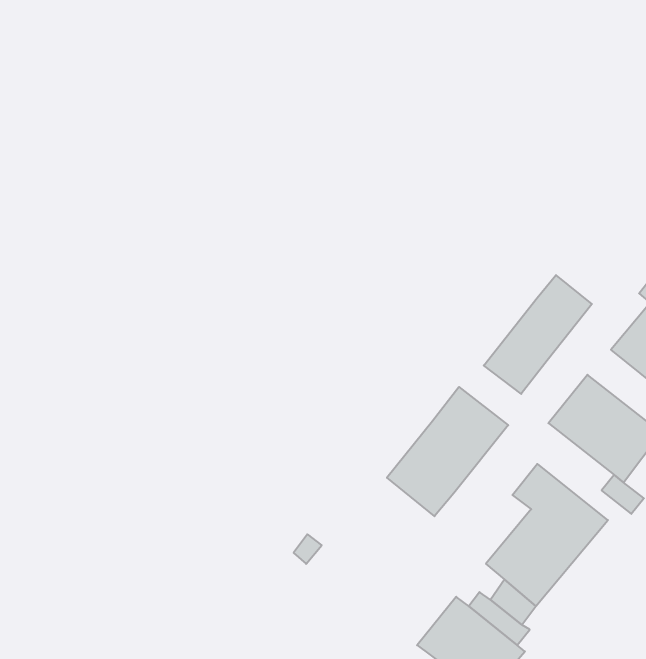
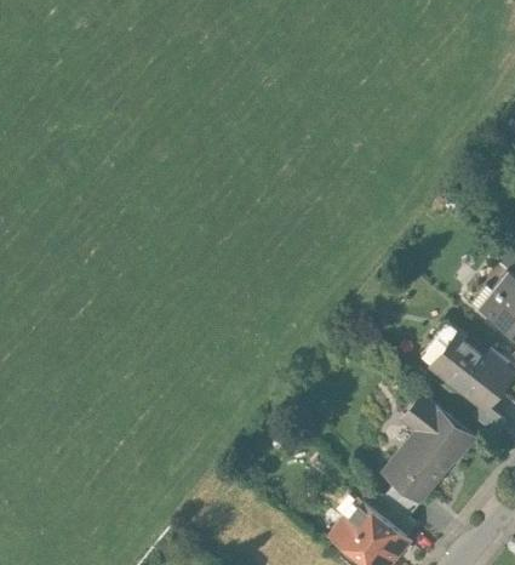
building: [484,275,592,394] -> none
building: [387,387,508,516] -> none

